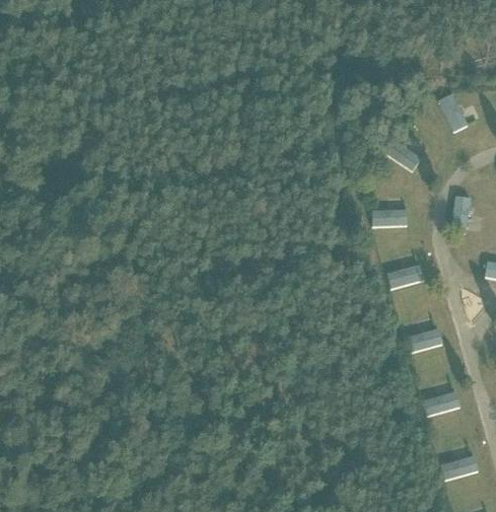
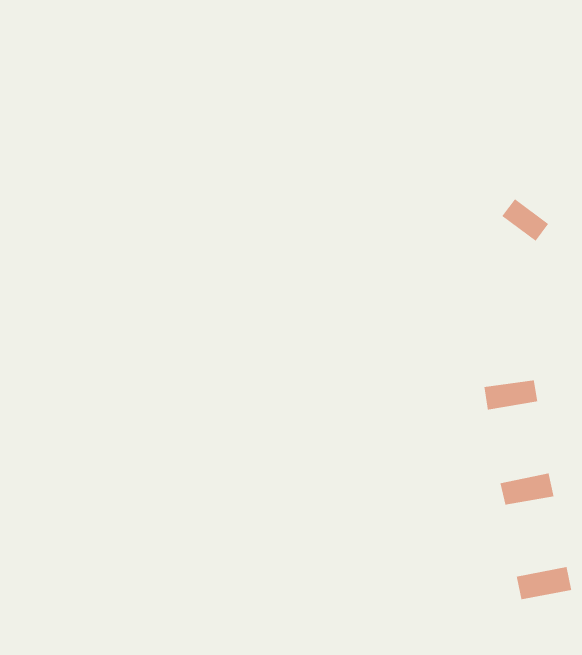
building: [372,209,408,226] -> none

